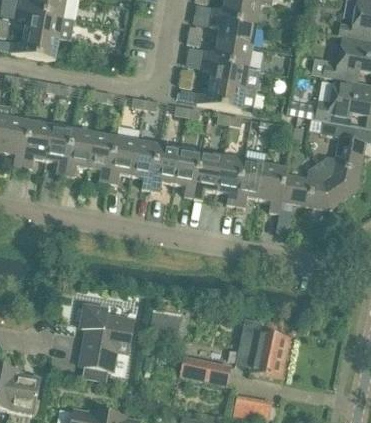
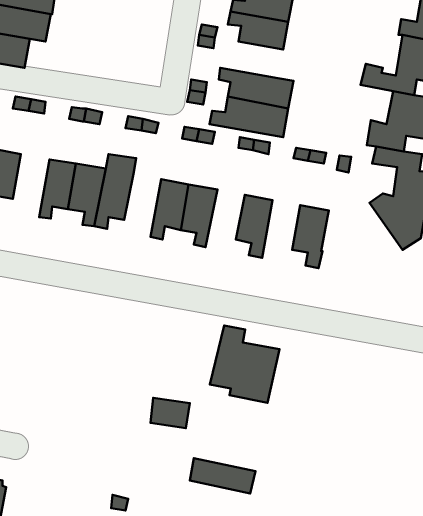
building: [203,39,251,67] -> none
building: [45,125,73,173] -> none
building: [130,140,158,188] -> none
building: [235,148,266,205] -> none
building: [192,152,222,198] -> none
building: [280,162,342,207] -> none
building: [80,304,133,370] -> none
building: [235,318,288,377] -> [210,326,279,403]

